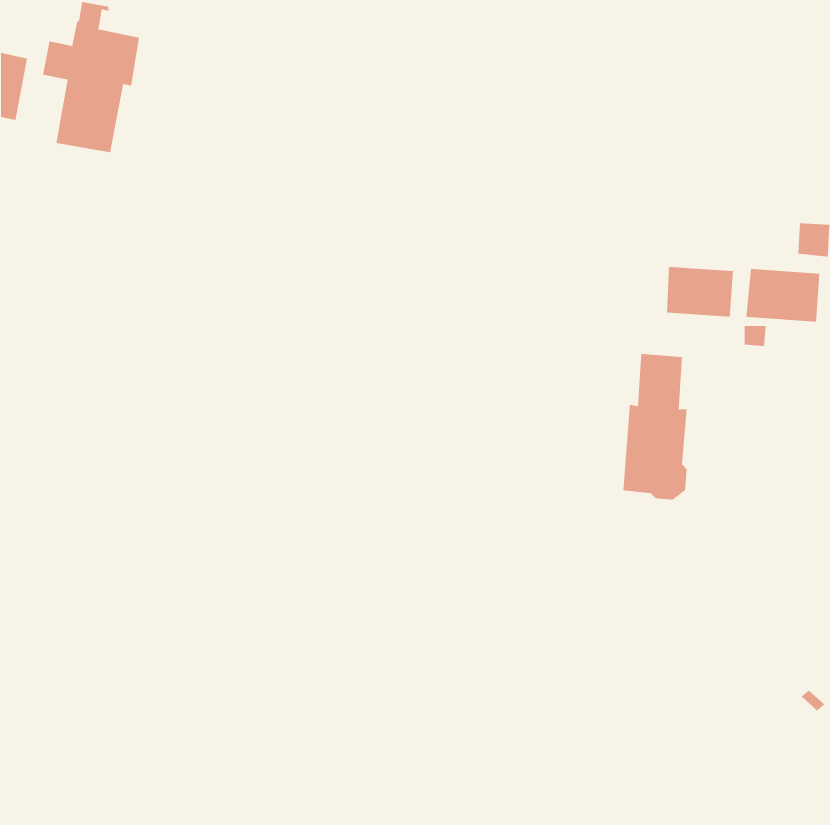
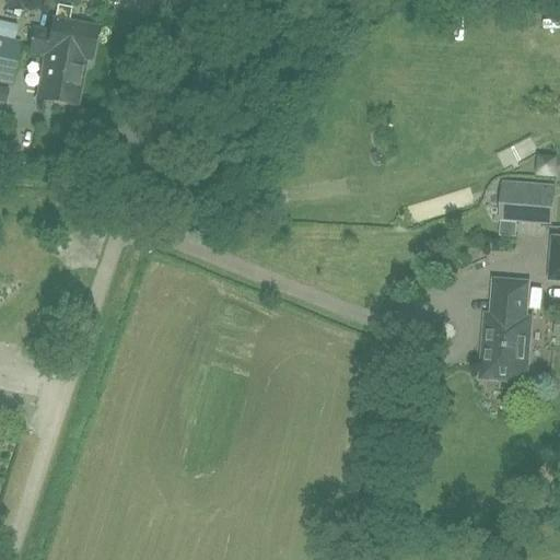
building: [667,266,734,317] -> none
building: [622,354,688,500] -> [485,281,528,380]

